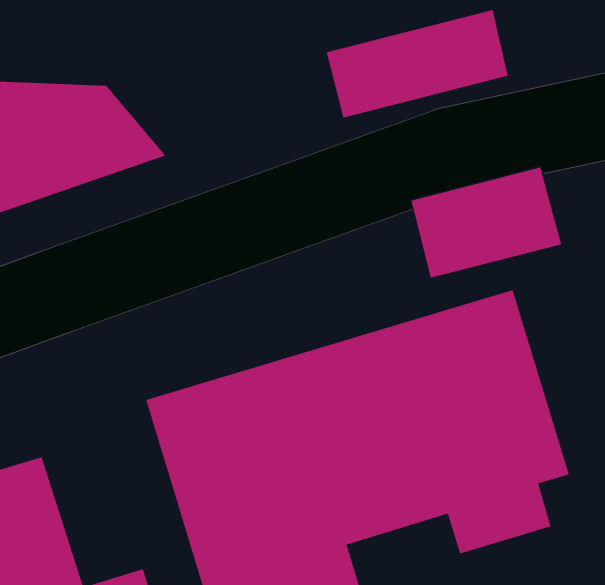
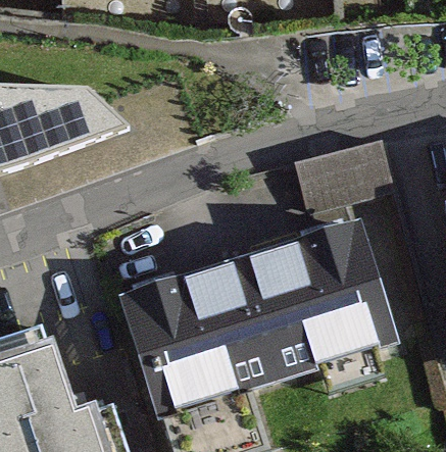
building: [326,9,509,118] -> none

